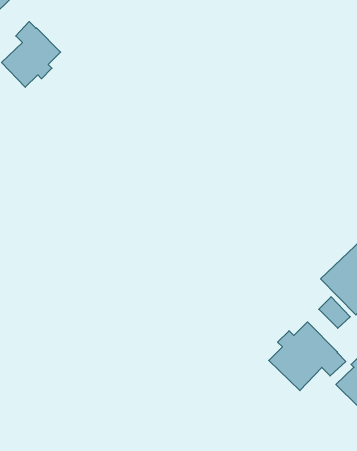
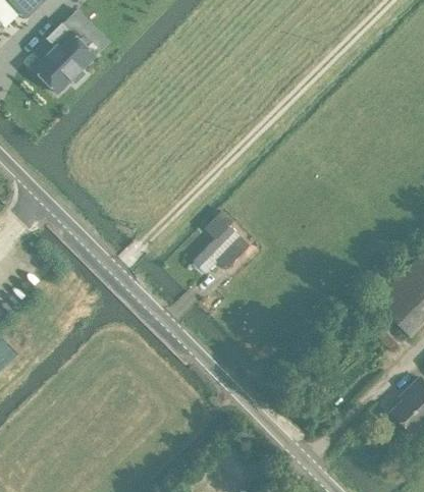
building: none -> [193,211,247,272]
building: [269,322,346,391] -> none

